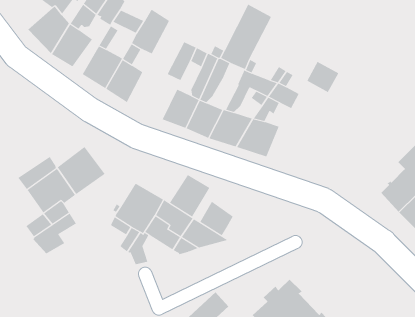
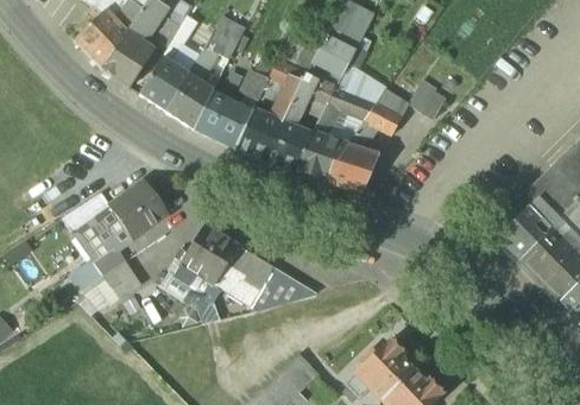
building: none -> [195,91,254,148]
building: [170,174,210,218] -> none
building: [200,201,234,236] -> none

